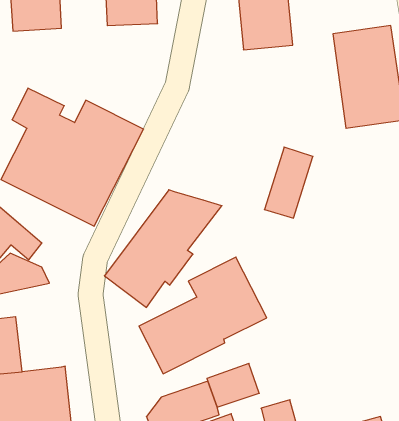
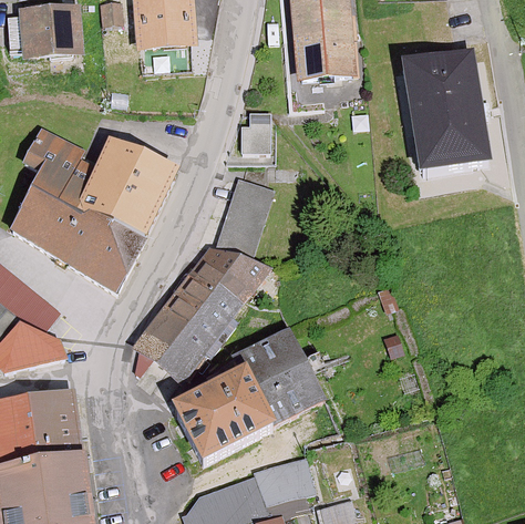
building: none -> [240,112,268,151]
building: [264,147,313,218] -> [215,175,272,259]
building: none -> [27,392,81,463]

